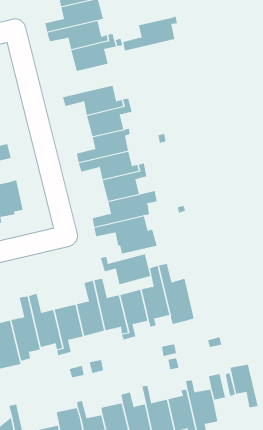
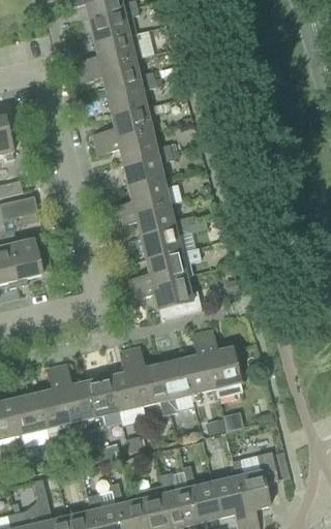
building: [122,16,178,51] -> [93,104,155,144]
building: [100,254,151,285] -> none
building: [230,364,258,408] -> none

